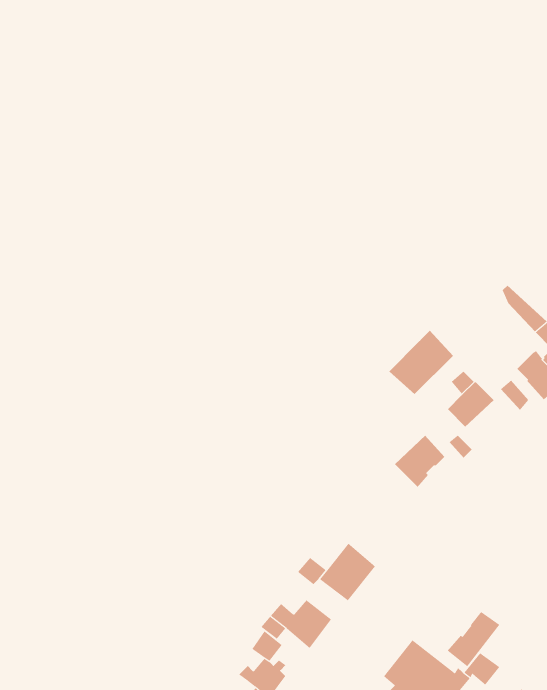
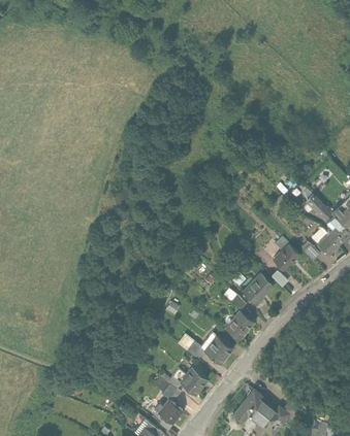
building: [388,330,454,395] -> none
building: none -> [226,310,253,338]
building: [447,611,500,667] -> none

